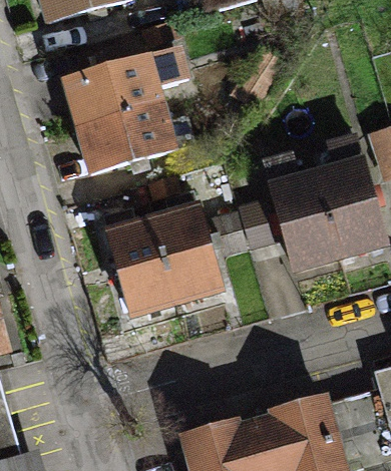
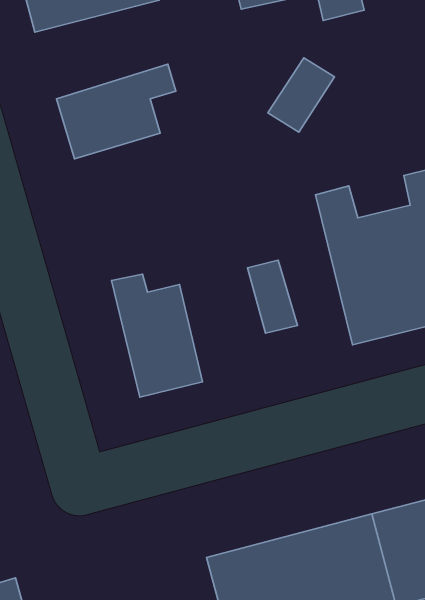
building: [76,105,170,165] -> none
building: [158,195,216,300] -> none

